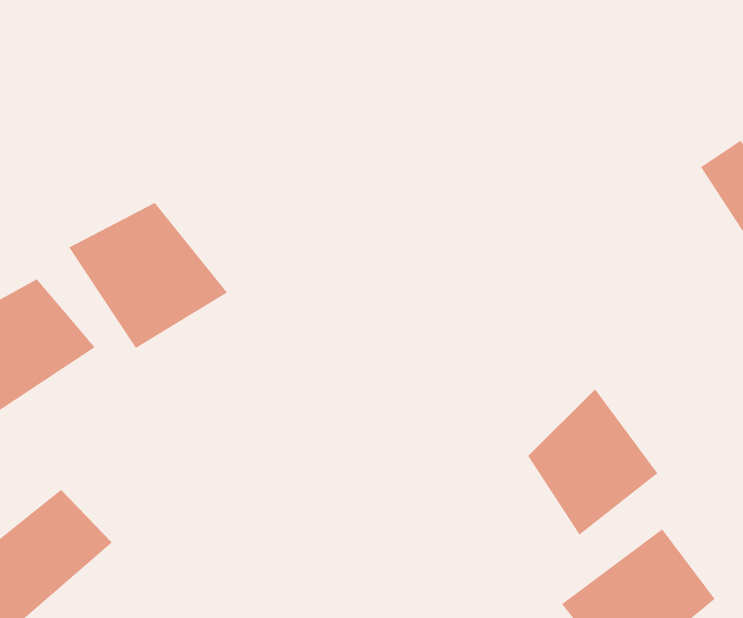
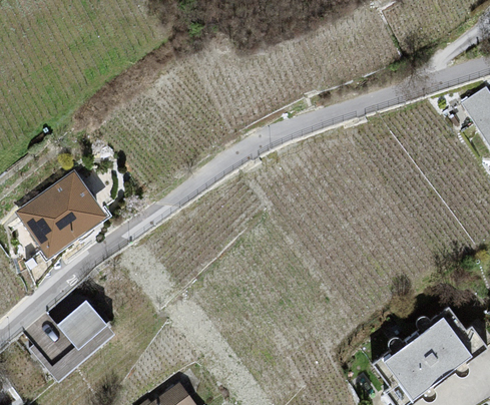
building: [69,202,228,349] -> none
building: [527,389,658,536] -> none

